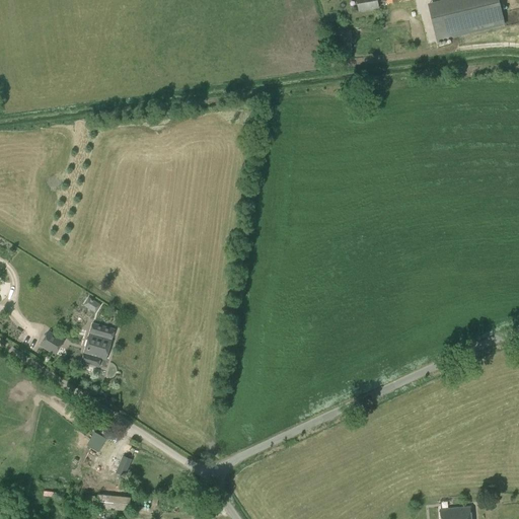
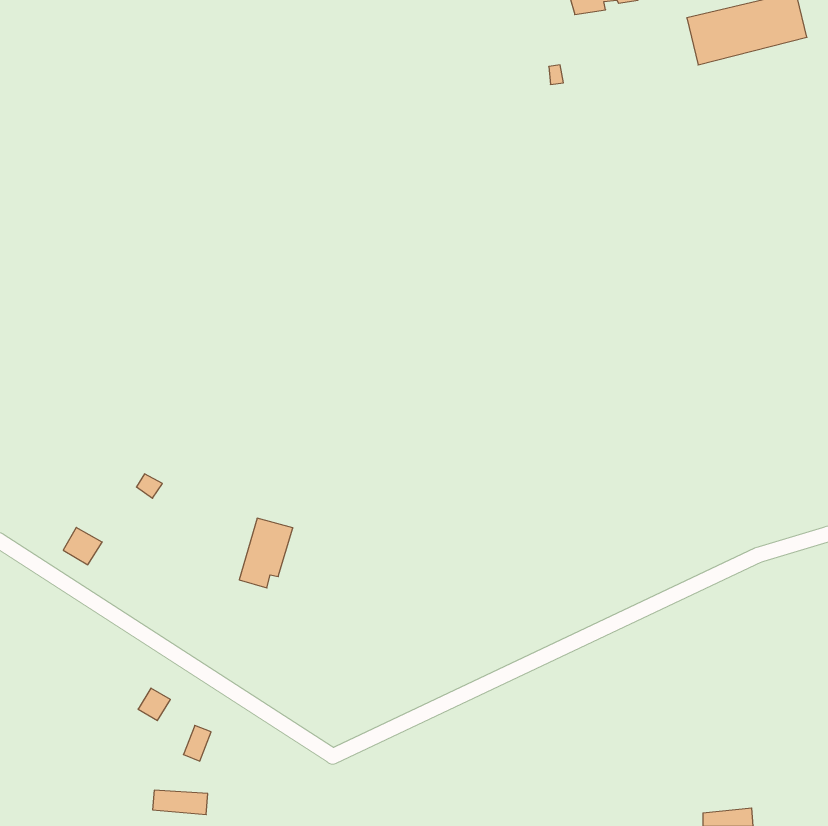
building: [81,321,115,365] -> [239,518,293,588]

